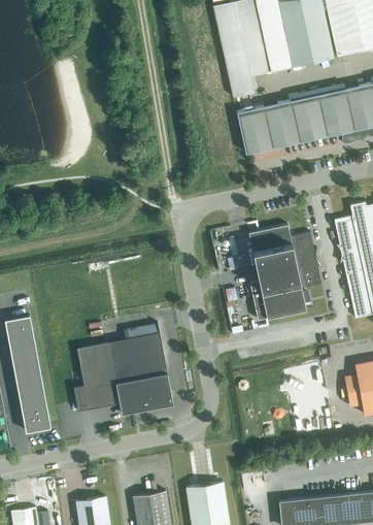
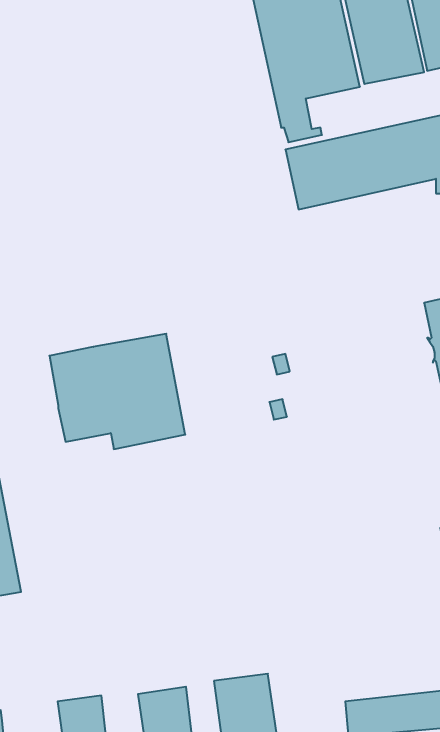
building: [248,225,320,321] -> none
building: [76,333,172,415] -> [49,334,185,449]

